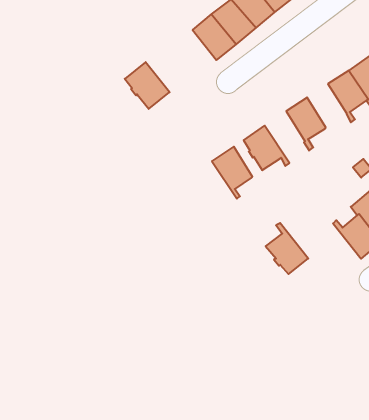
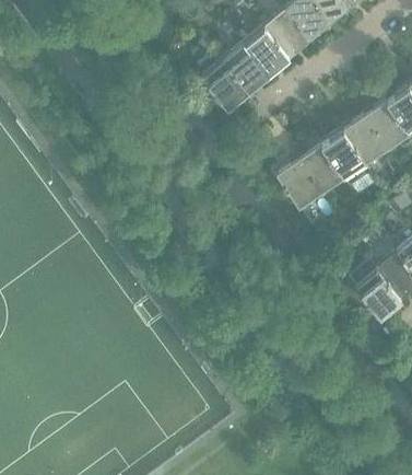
building: [125,62,170,109] -> [202,59,249,108]
building: none -> [344,116,386,171]
building: [212,147,252,199] -> [299,144,342,199]
building: [266,223,308,274] -> [356,263,401,316]

